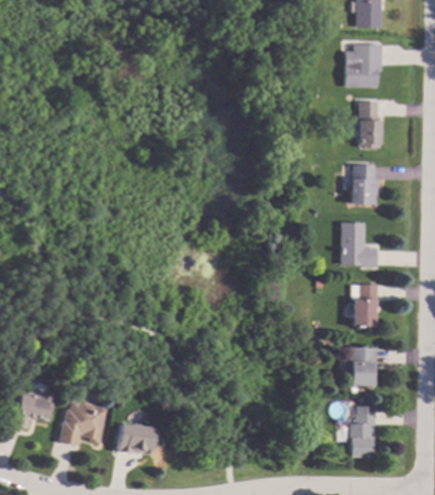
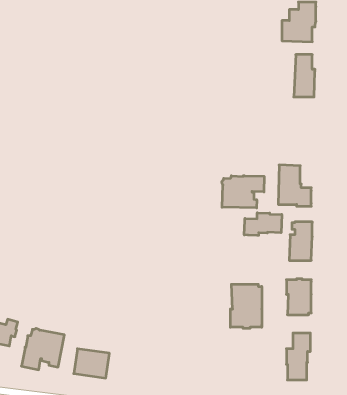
building: [351,164,378,204] -> none
building: none -> [222,176,264,208]
building: none -> [244,213,282,235]
building: none -> [230,284,262,328]

